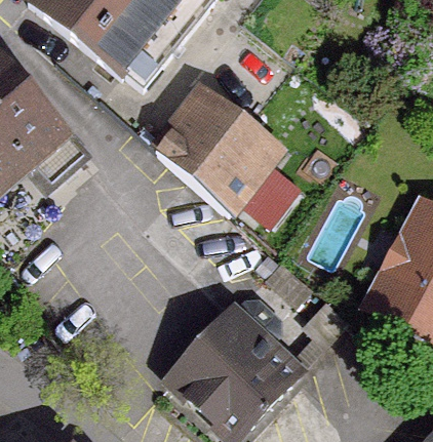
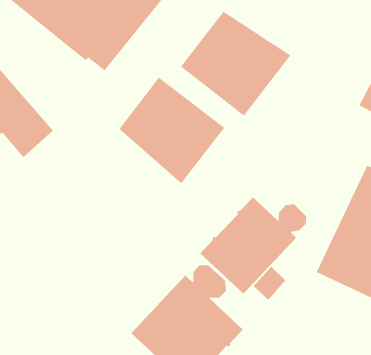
building: none -> [180,11,291,116]
building: none -> [199,197,307,295]

